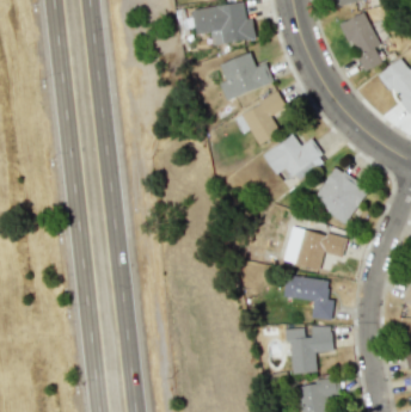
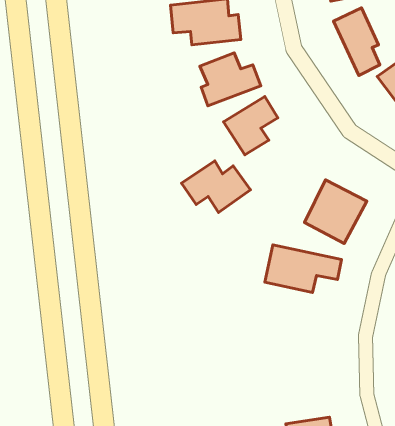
building: [263,135,325,182] -> [182,161,250,212]
building: [283,275,333,320] -> none
building: [284,326,333,374] -> none

